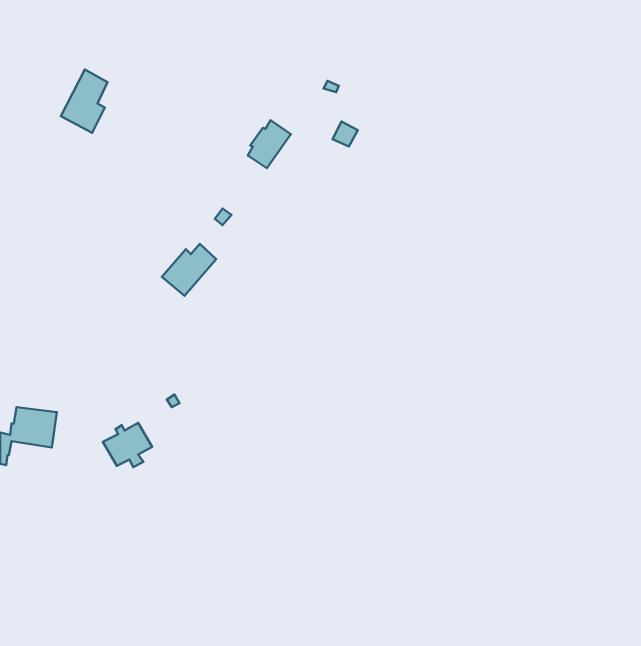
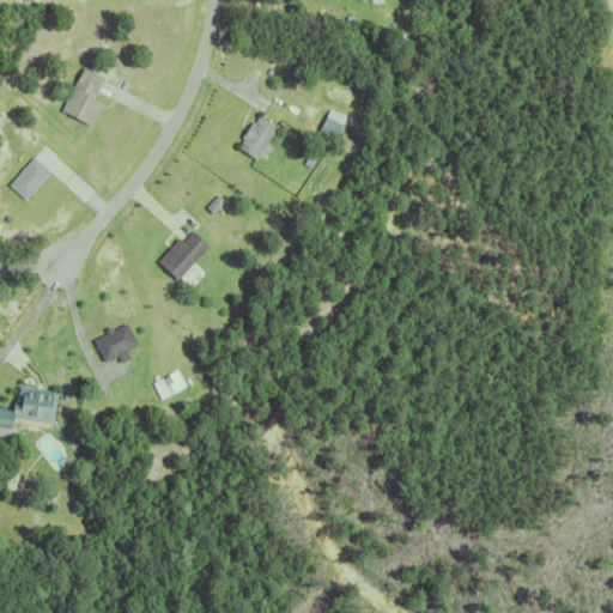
building: none -> [10,157,50,201]
building: [103,423,152,467] -> [93,322,140,364]

